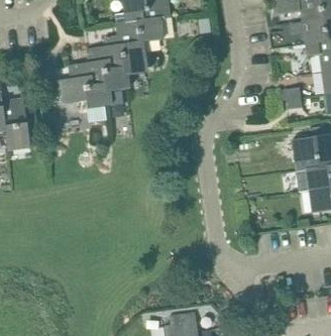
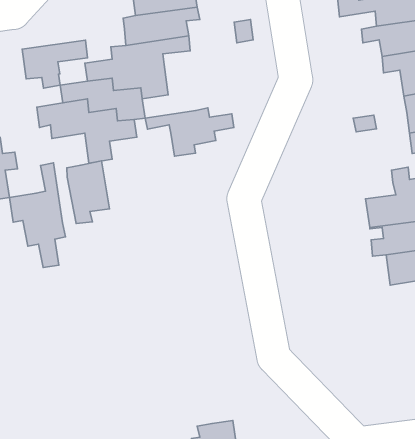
building: none -> [22,40,88,88]
building: none -> [145,108,234,156]
building: none -> [67,161,109,224]
building: none -> [9,163,66,267]

